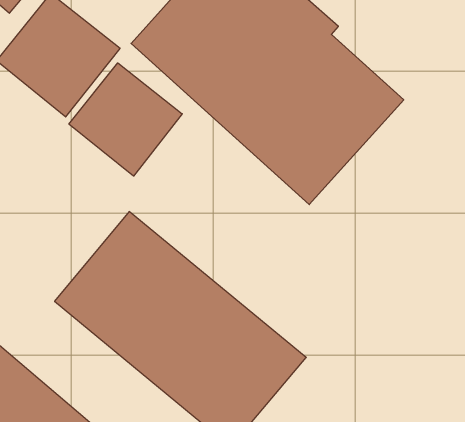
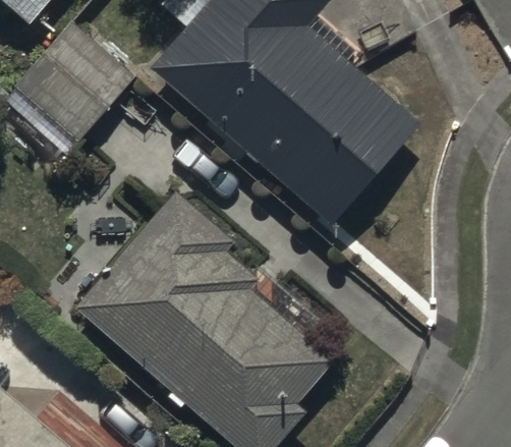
building: [69,63,182,176] -> none

